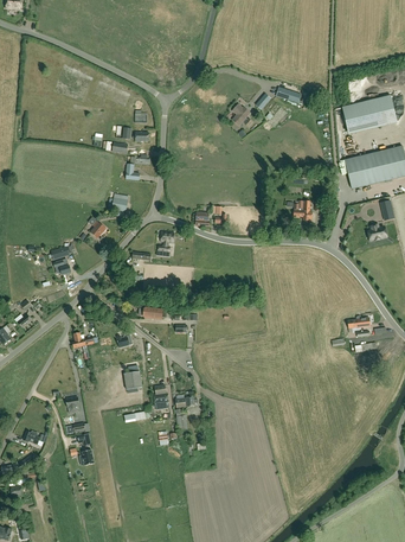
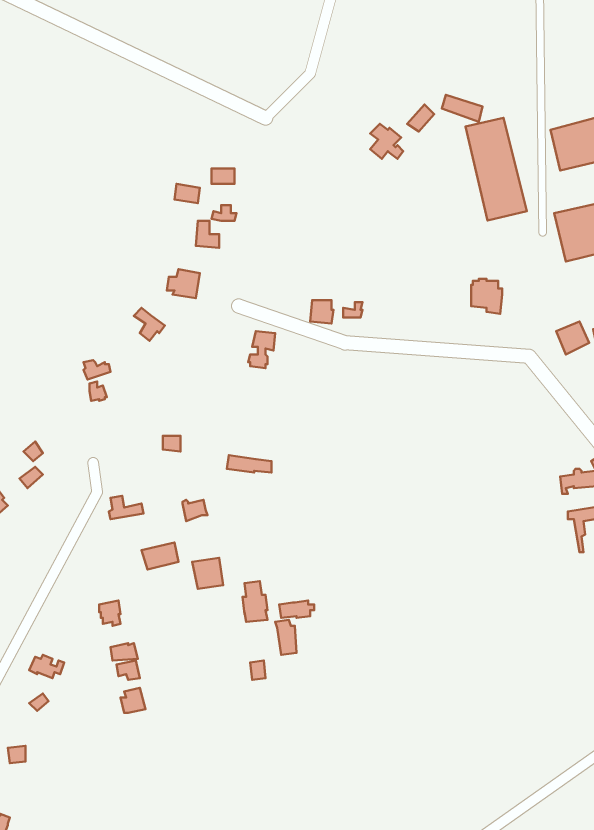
building: none -> [465,118,527,220]

